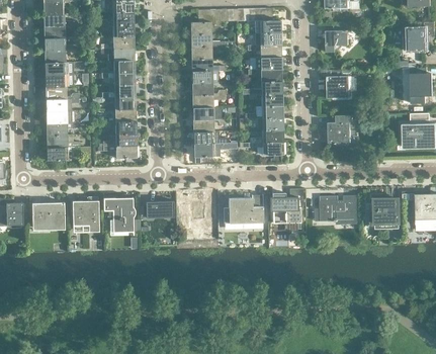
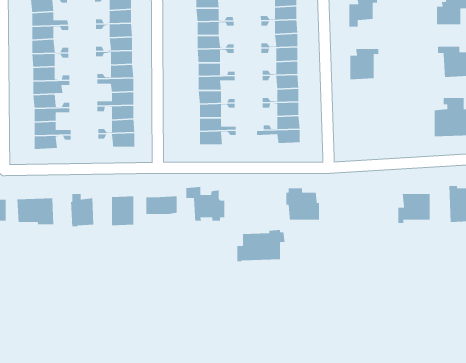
building: [328,115,359,146] -> none
building: [224,195,267,225] -> [236,229,285,262]
building: [320,196,357,224] -> none

